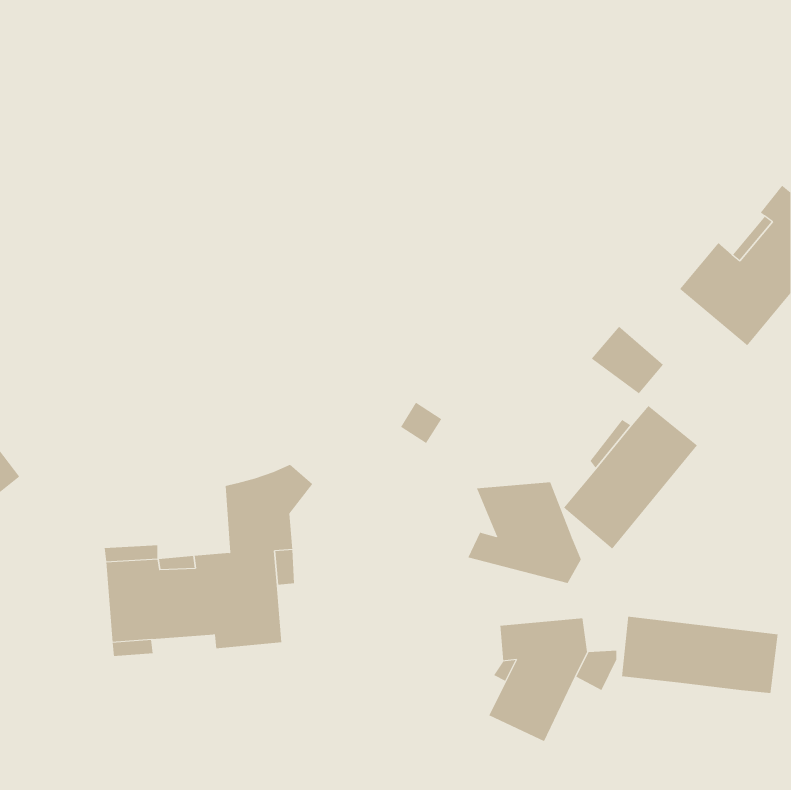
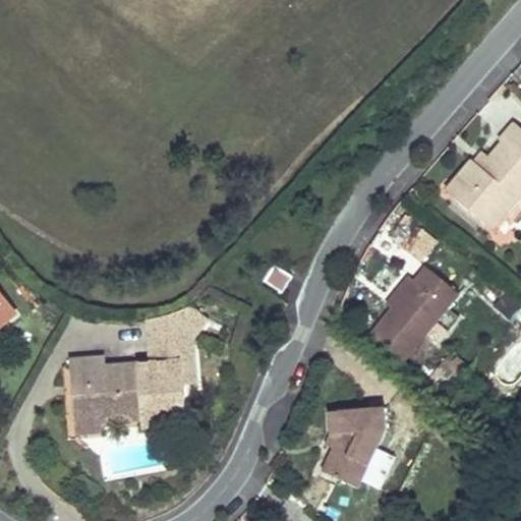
building: [468,482,582,584] -> none
building: [621,616,778,694] -> none

